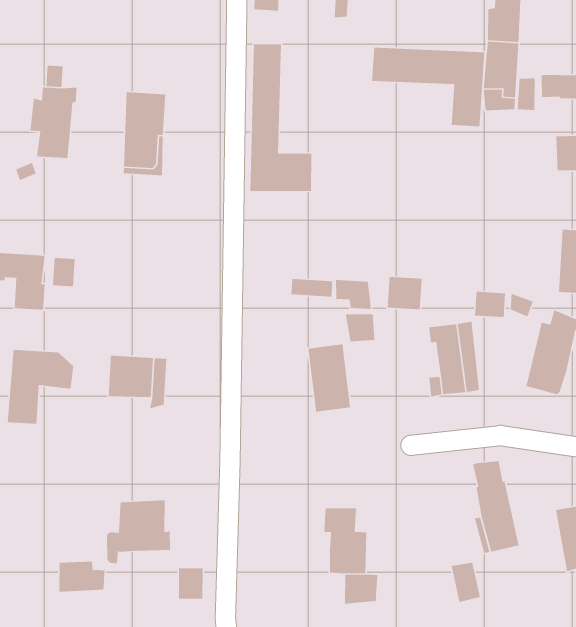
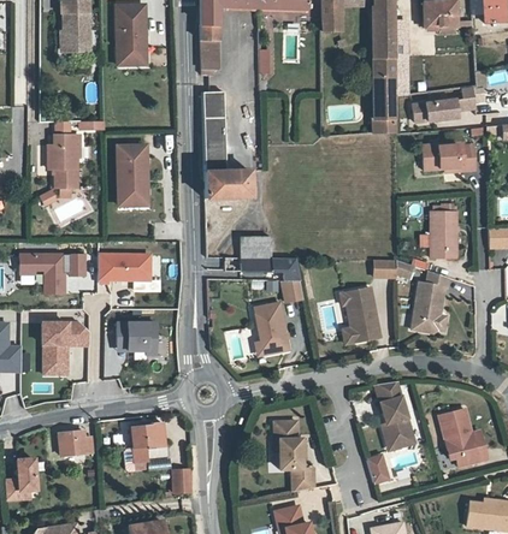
building: [371,47,485,127] -> none
building: none -> [98,254,149,281]
building: [387,276,422,310] -> [241,237,265,260]
building: [59,561,105,592] -> [55,432,89,456]

